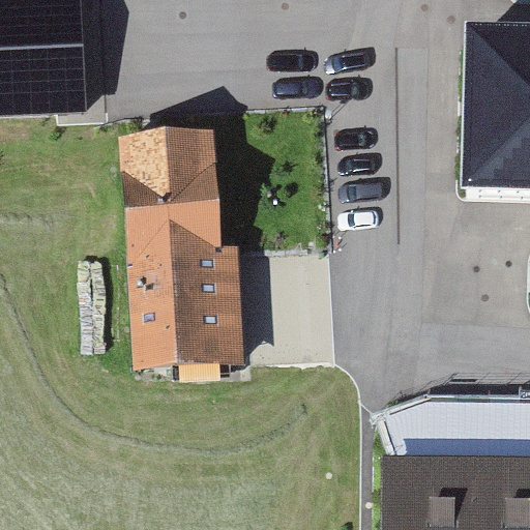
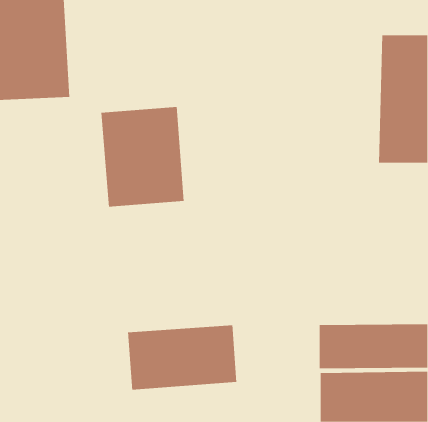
building: [126,245,244,367] -> none
building: none -> [128,325,237,390]

